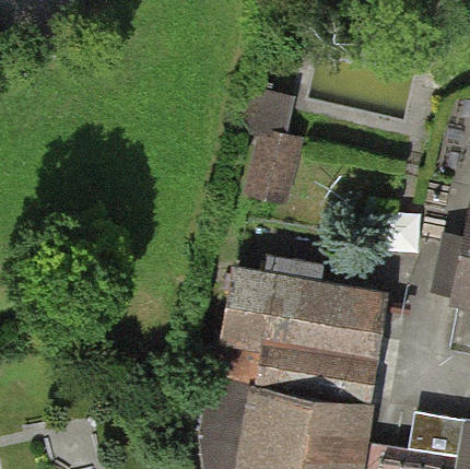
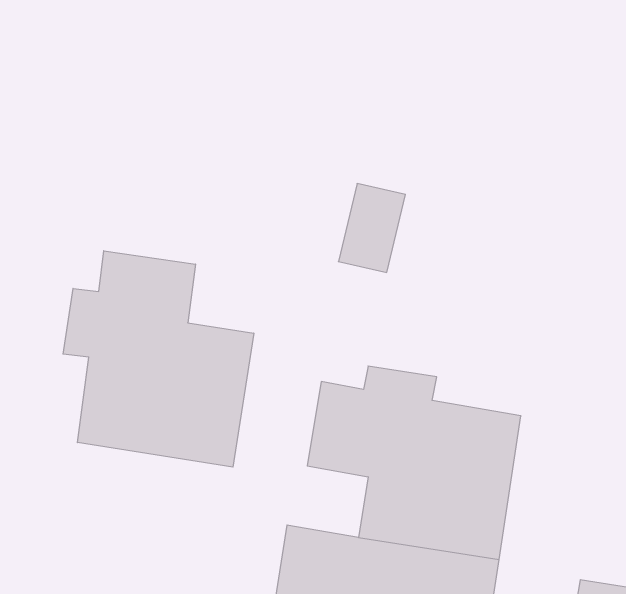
building: none -> [63,251,254,467]

